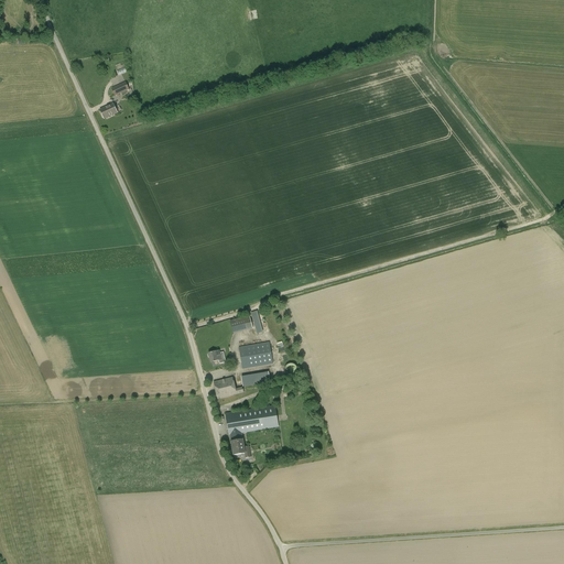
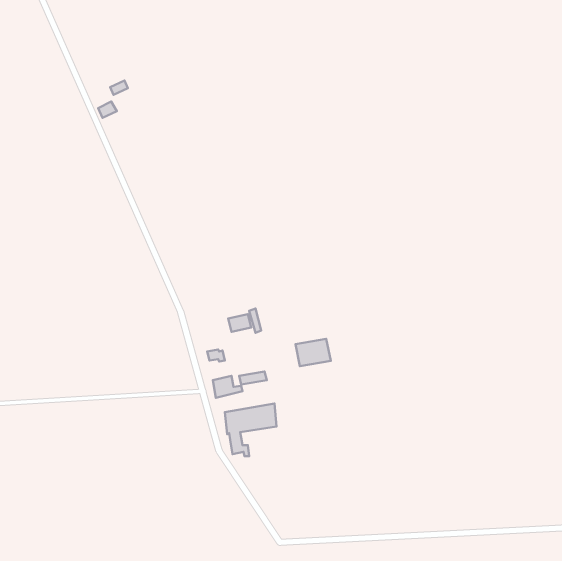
building: [237,340,272,368] -> [295,339,331,366]

